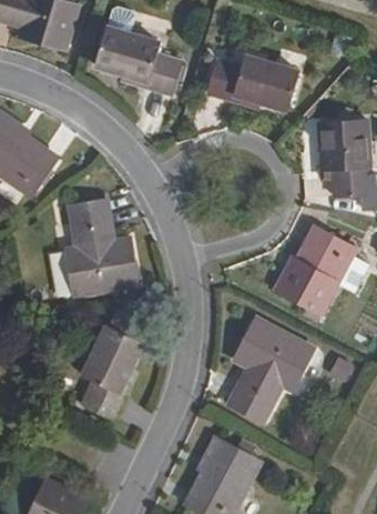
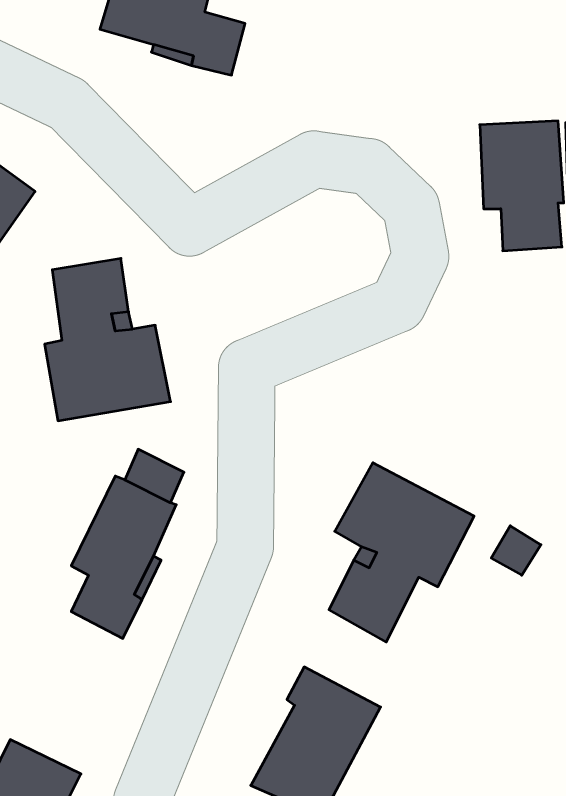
building: [206,56,295,110] -> none
building: [273,225,356,314] -> none

